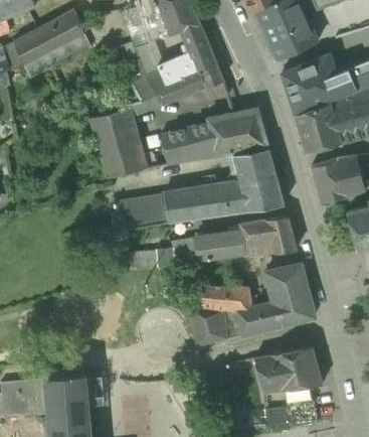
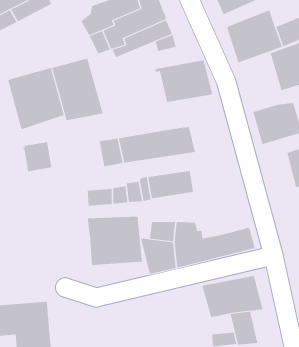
building: [296,102,342,152] -> none
building: none -> [7,67,64,130]
building: [160,122,216,164] -> none
building: [227,148,284,210] -> none
building: [114,198,147,232] -> [22,142,52,172]
building: [241,216,296,257] -> none
building: [265,264,308,302] -> none
building: none -> [87,216,143,266]

